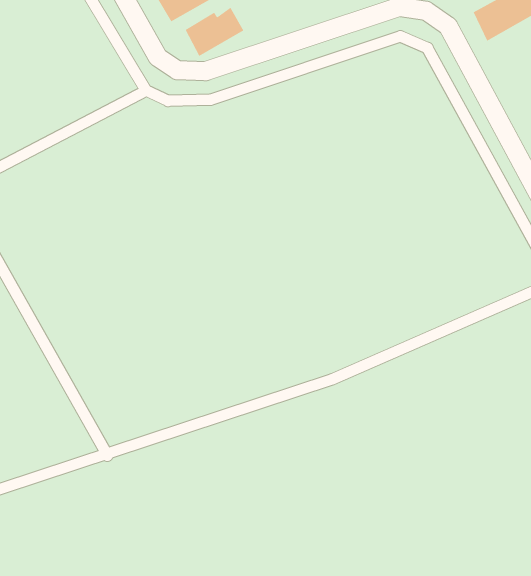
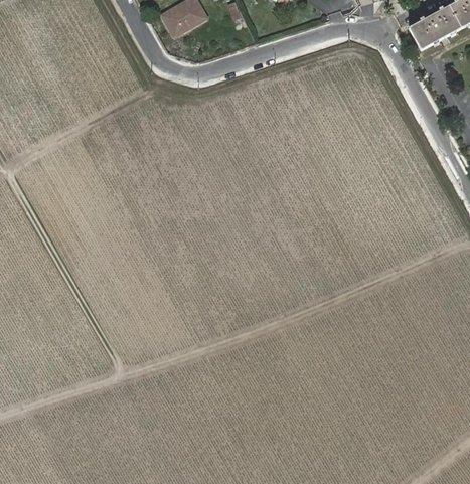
building: [185,7,244,57] -> none

